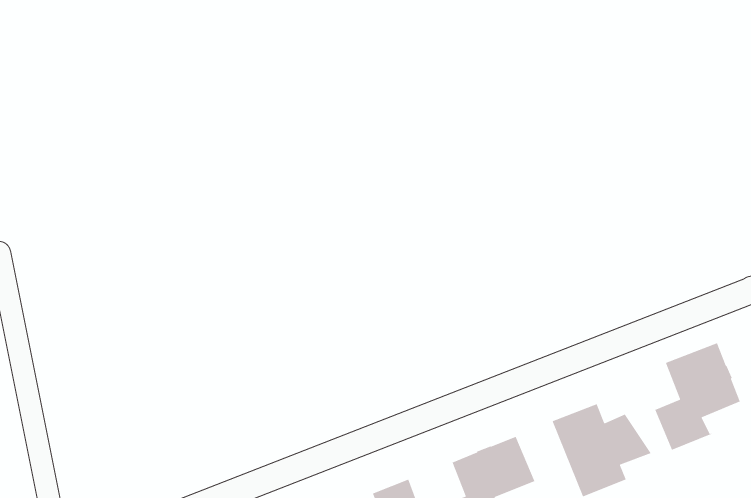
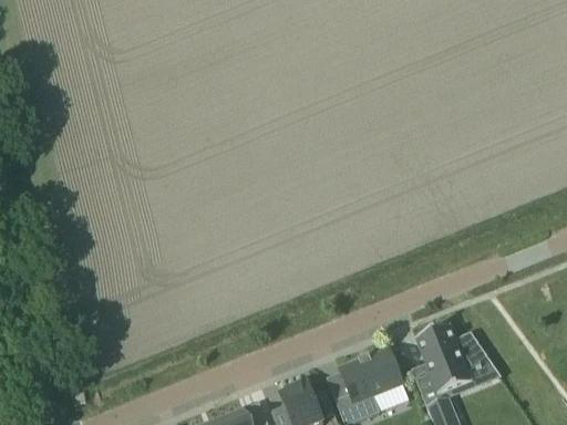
building: [654,342,741,451] -> none

